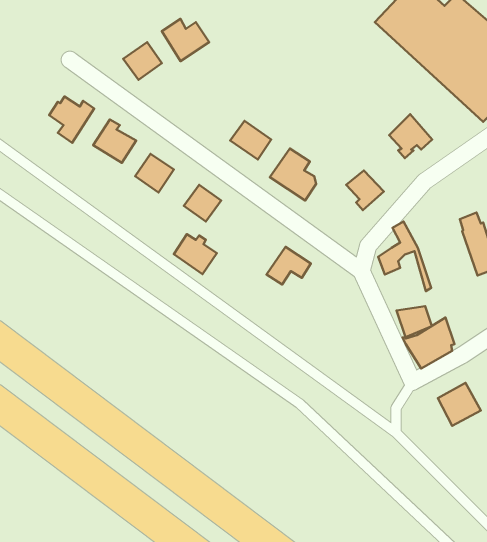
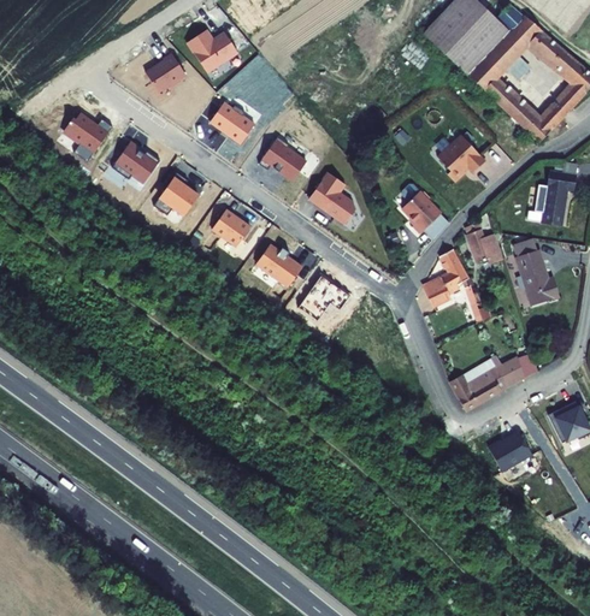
building: none -> [210,101,256,144]
building: none -> [465,223,501,262]
building: [174,234,217,274] -> [256,245,303,289]
building: [397,306,432,337] -> [497,349,536,383]

